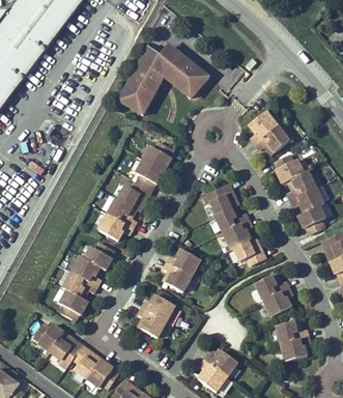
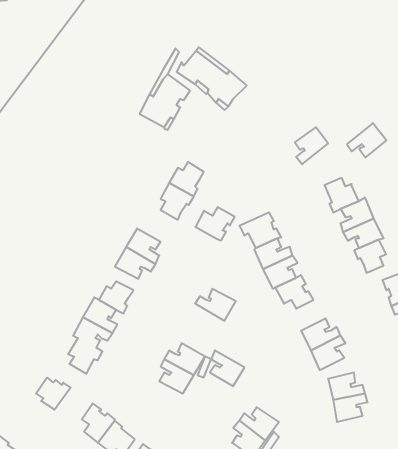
building: [256,127,289,157] -> [347,123,386,158]
building: [118,183,151,211] -> [195,207,235,240]
building: [162,262,191,292] -> [210,350,244,386]
building: [48,333,80,369] -> none

